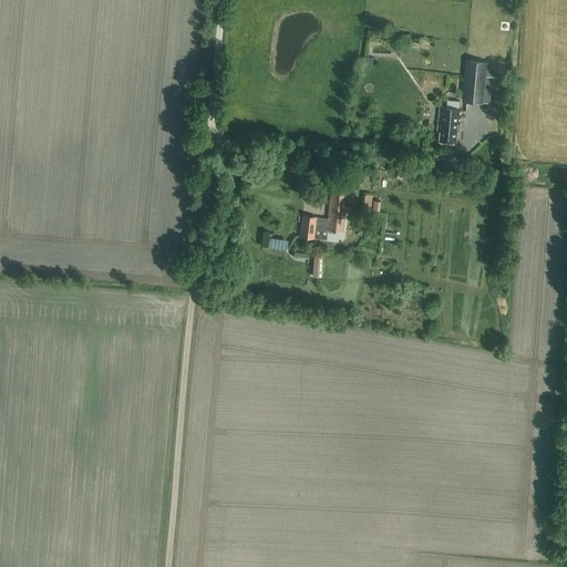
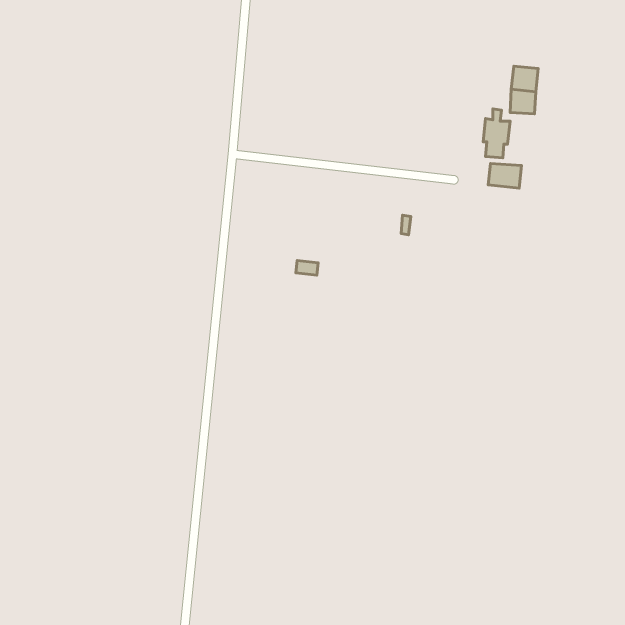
building: none -> [488,163,522,188]
building: [301,194,346,240] -> none

